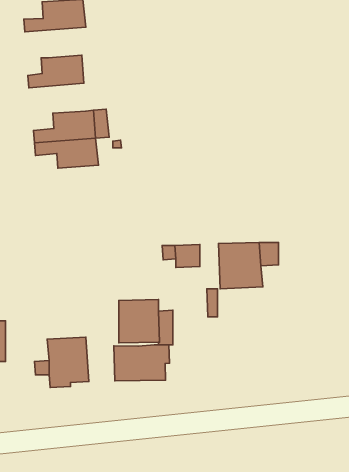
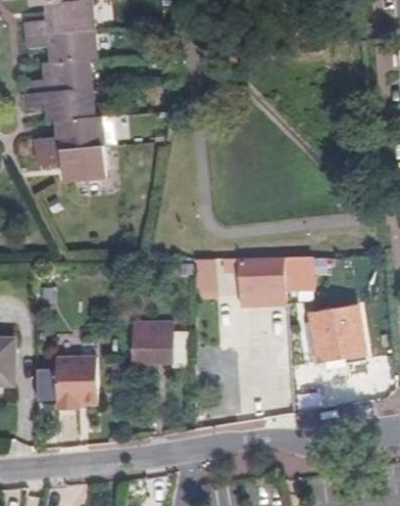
building: none -> [30,29,96,61]
building: none -> [28,88,94,121]
building: none -> [306,308,359,362]
building: [114,345,169,381] -> none

